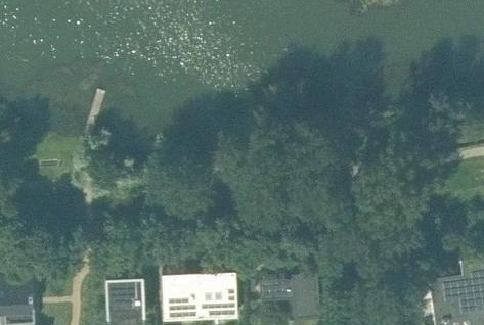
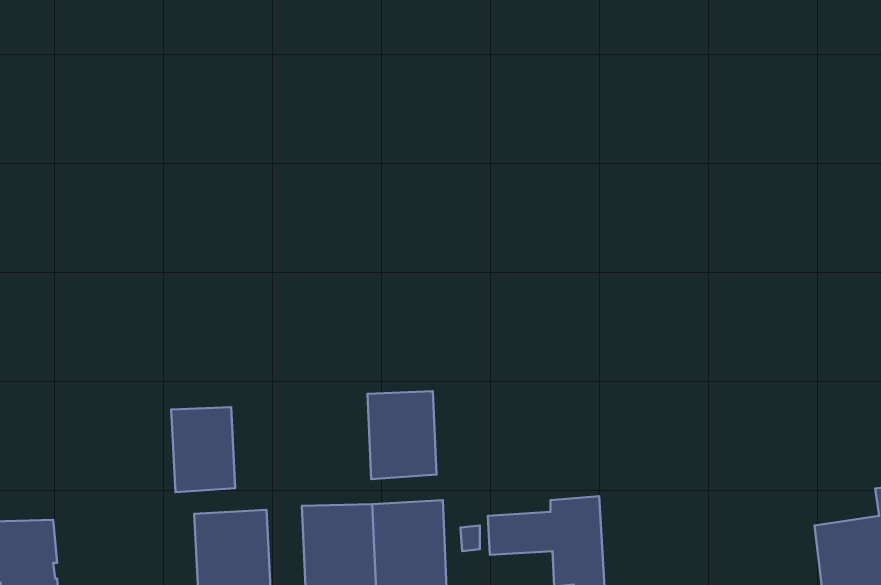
building: none -> [367,391,436,479]
building: none -> [171,407,235,492]

